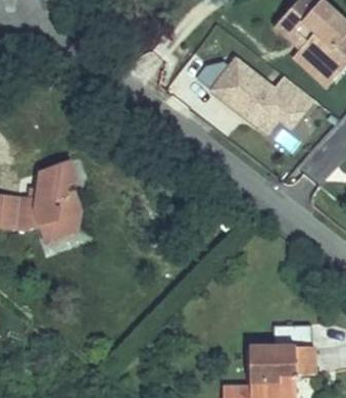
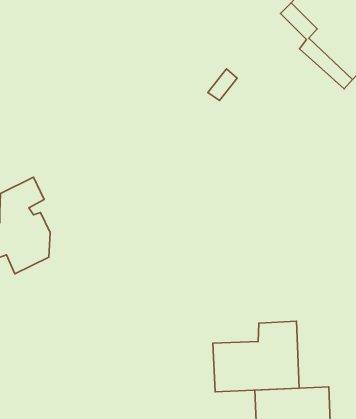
building: [216,62,325,143] -> none
building: none -> [213,321,299,392]

